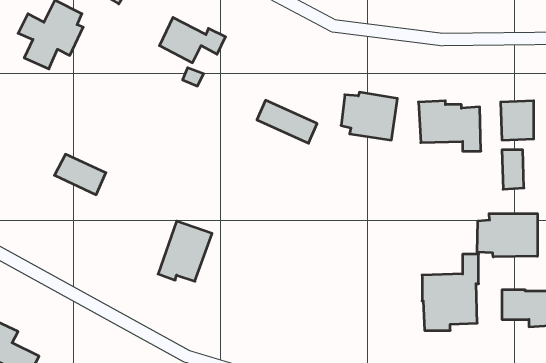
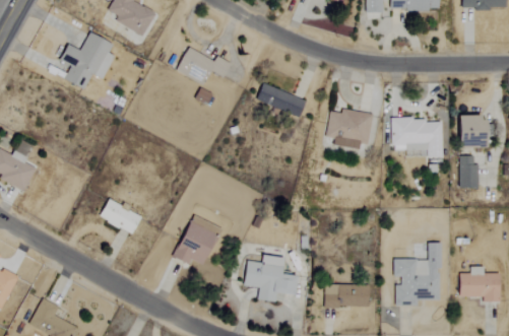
building: [257,100,317,143] -> [257,82,307,118]
building: [54,154,106,195] -> [99,200,141,233]
building: [477,214,537,257] -> none
building: none -> [244,255,297,301]
building: none -> [324,283,371,308]

